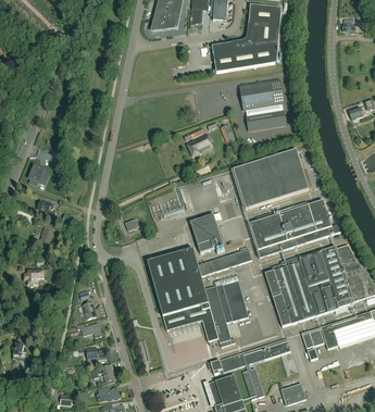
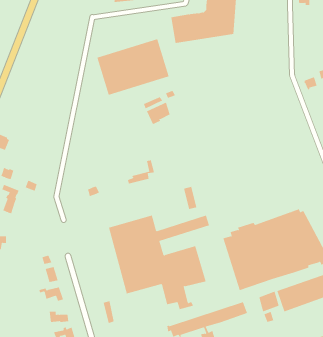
building: [240,78,286,129] -> none
building: [234,149,309,208] -> [97,39,169,96]
building: [250,199,340,257] -> none
building: [190,213,224,252] -> none

